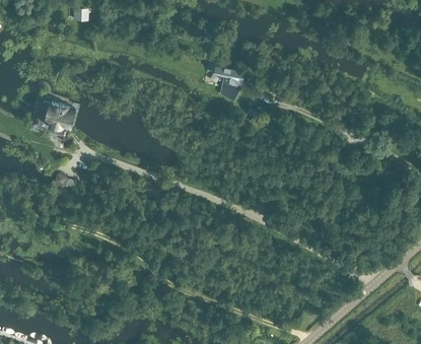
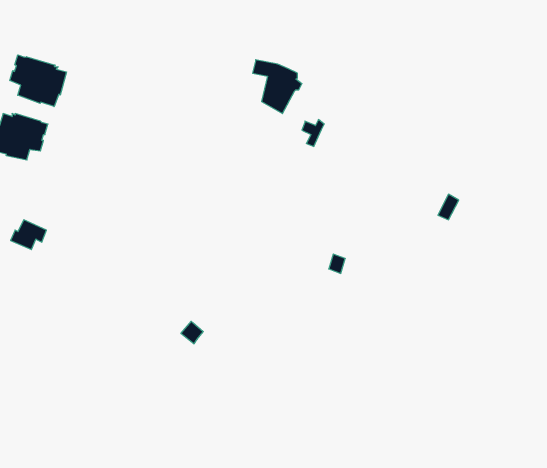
building: none -> [10,55,66,107]

